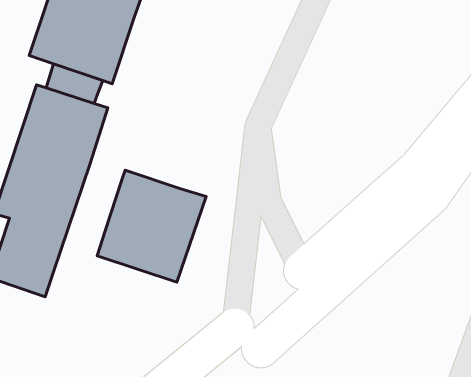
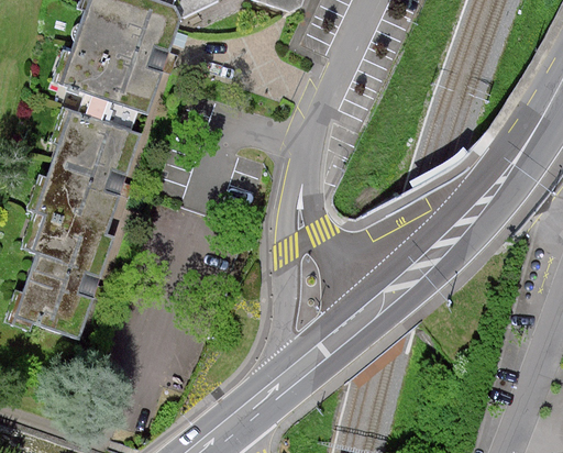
building: [97,170,206,282] -> none

